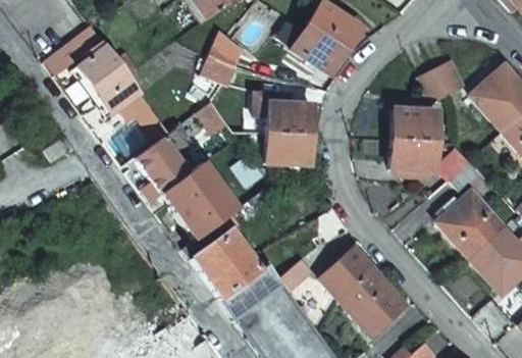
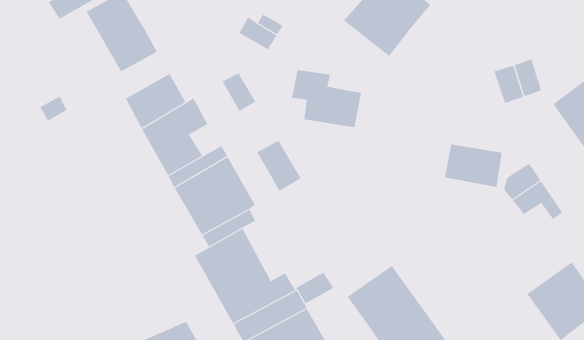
building: [392,111,436,143] -> none
building: [265,135,311,166] -> none
building: [437,192,504,258] -> none

